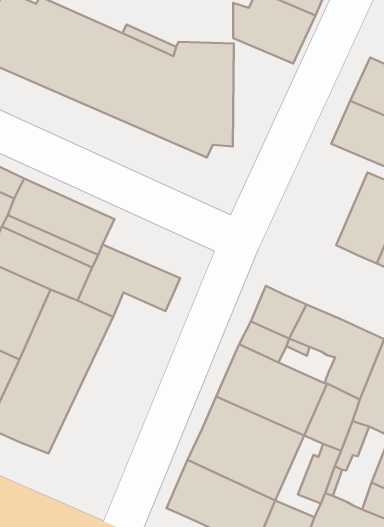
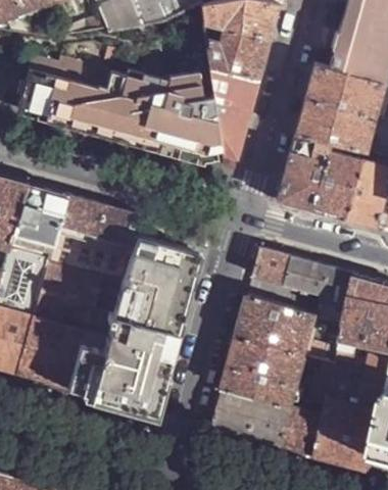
building: none -> [210,66,258,159]
building: none -> [277,135,329,210]
building: none -> [119,271,191,411]

